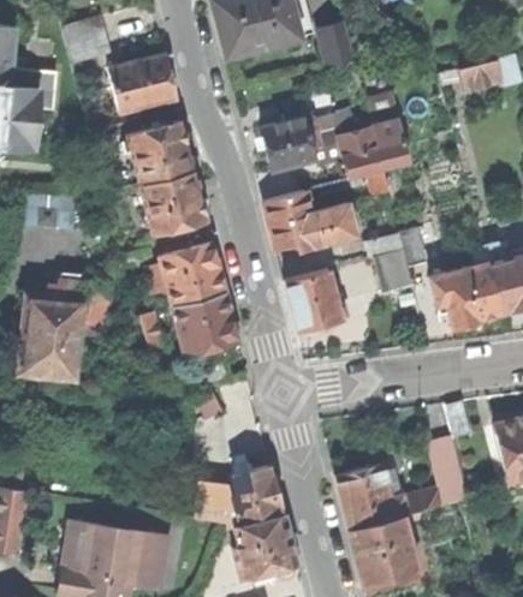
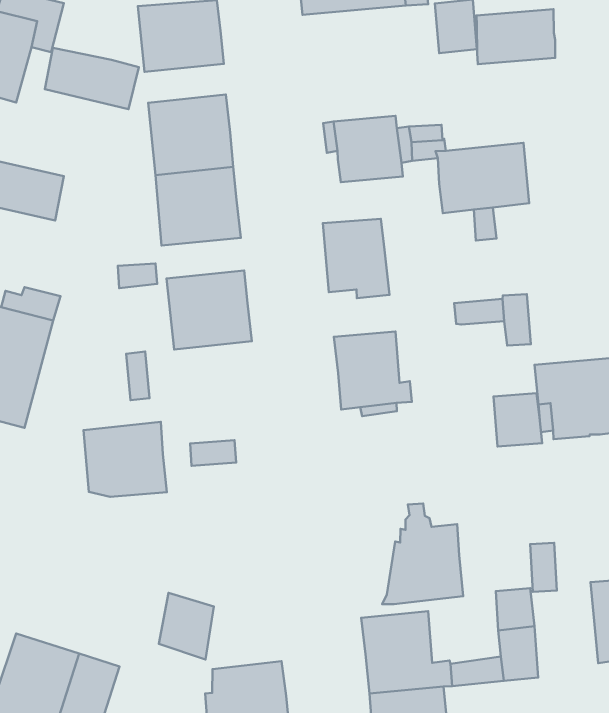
building: none -> [476,9,555,64]
building: none -> [45,48,139,109]
building: [311,203,355,244] -> none
building: [374,250,414,292] -> [493,393,542,446]
building: [173,292,239,351] -> [83,422,167,497]
building: [227,454,284,530] -> [382,504,463,604]

